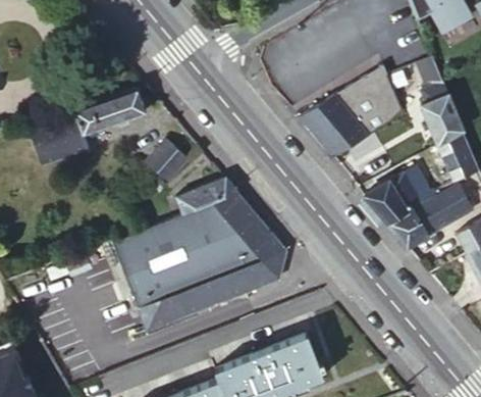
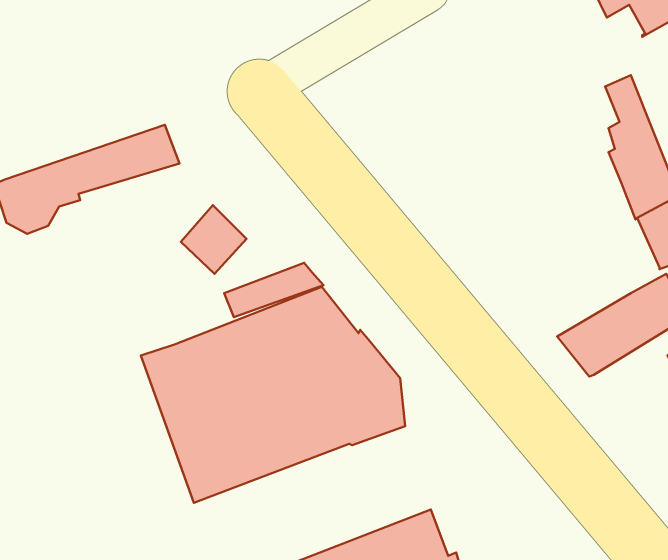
building: [298,68,399,157] -> none
building: [362,167,432,225] -> none

